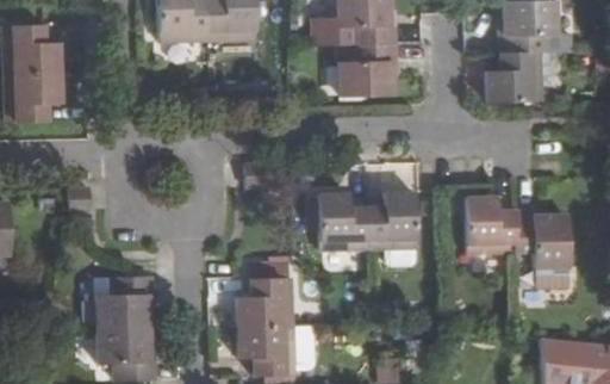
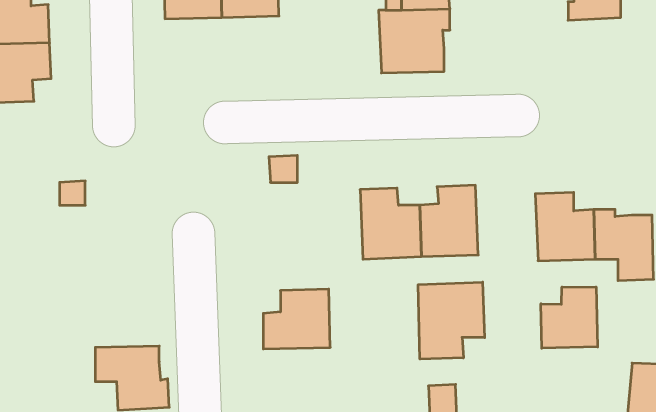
building: [481,49,539,99] -> none
building: none -> [418,282,485,359]
building: [97,273,156,326] -> none
building: none -> [541,287,598,348]
building: [238,326,295,374] -> none

